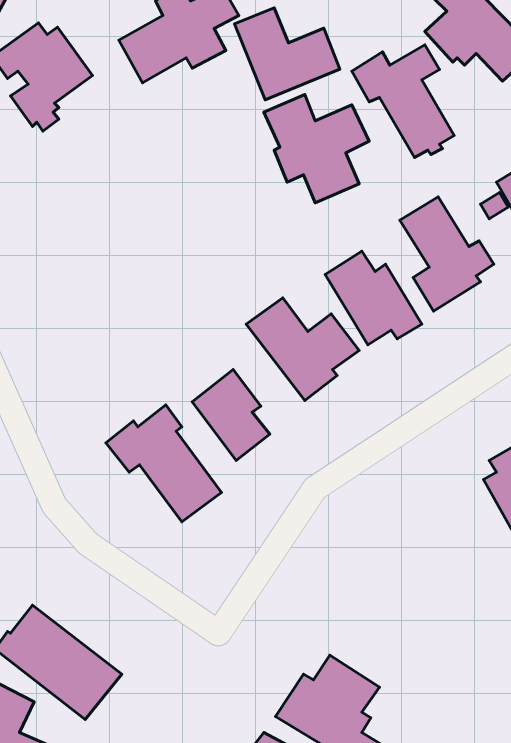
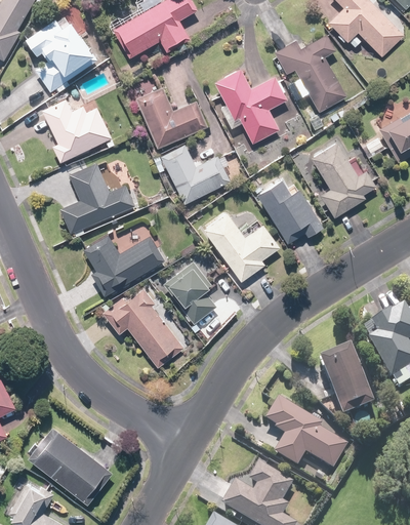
building: [234,8,340,100] -> [136,84,210,149]
building: none -> [42,96,112,163]
building: none -> [162,144,231,205]
building: none -> [63,159,136,236]
building: none -> [83,233,163,297]
building: none -> [320,348,374,416]
building: none -> [263,398,348,470]

